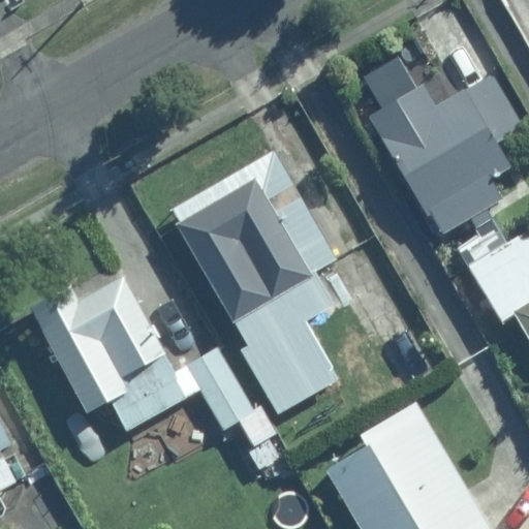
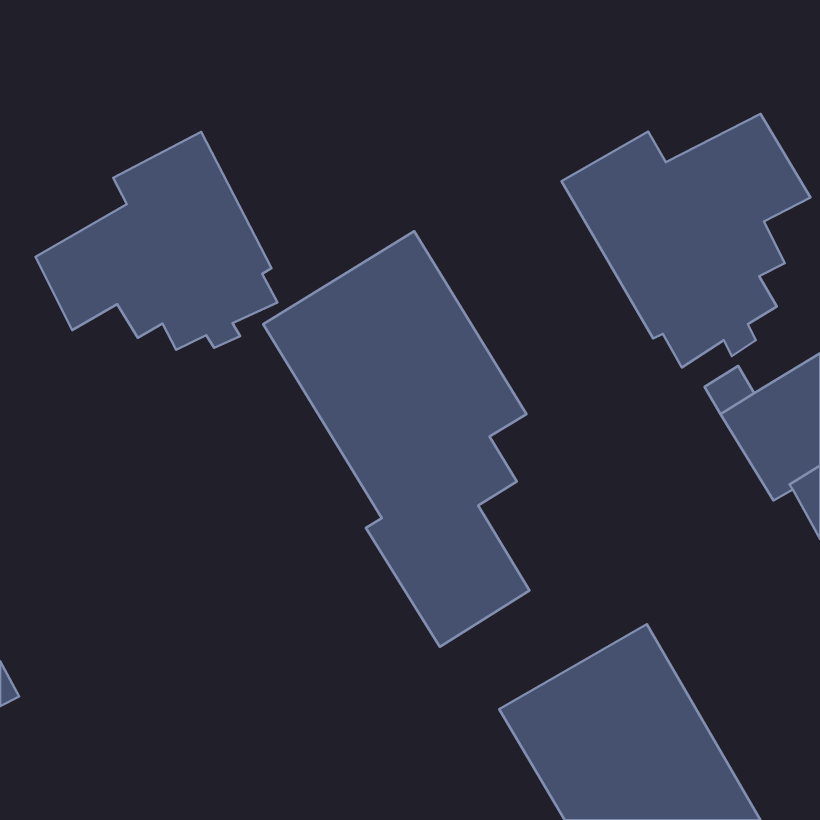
building: none -> [36,132,277,350]
building: [34,280,277,447] -> none

